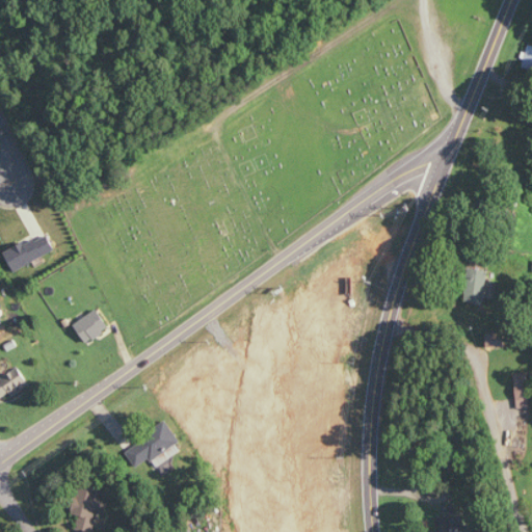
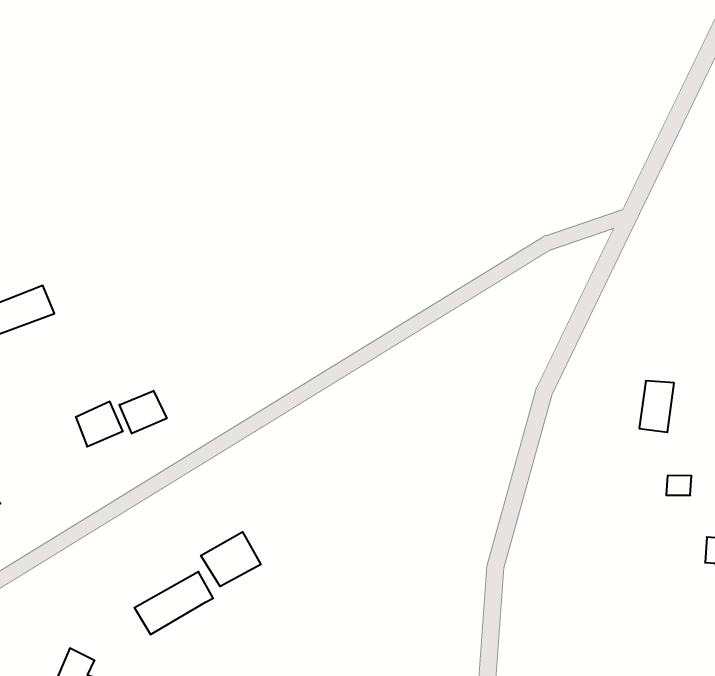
building: none -> [119,391,167,434]
building: none -> [201,532,261,586]

